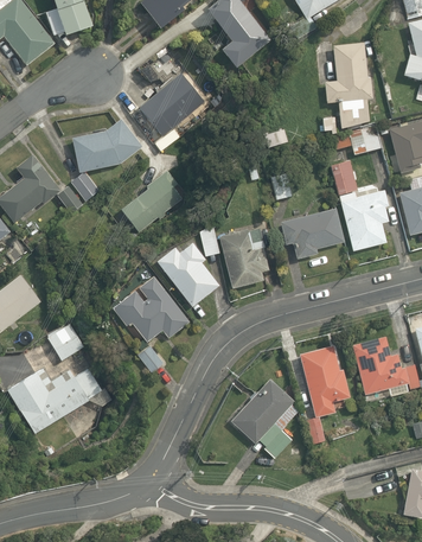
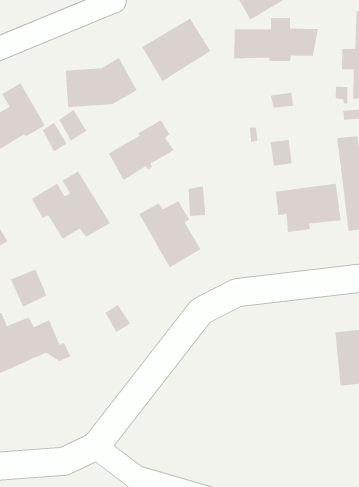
building: none -> [233,17,319,62]
building: [218,228,269,287] -> none
building: [113,275,190,342] -> [31,170,111,240]
building: [298,344,350,416] -> none
building: [230,377,299,458] -> none

